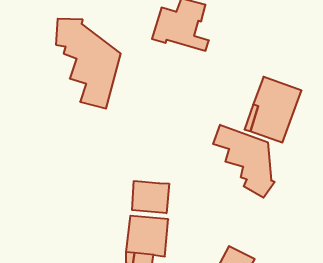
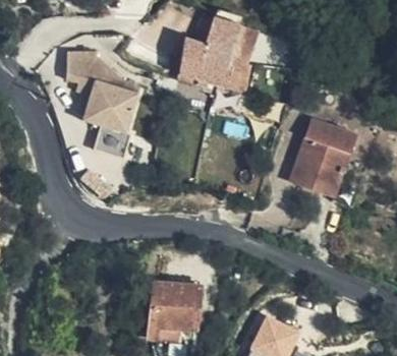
building: [213,125,275,198] -> none
building: [132,181,169,213] -> none

